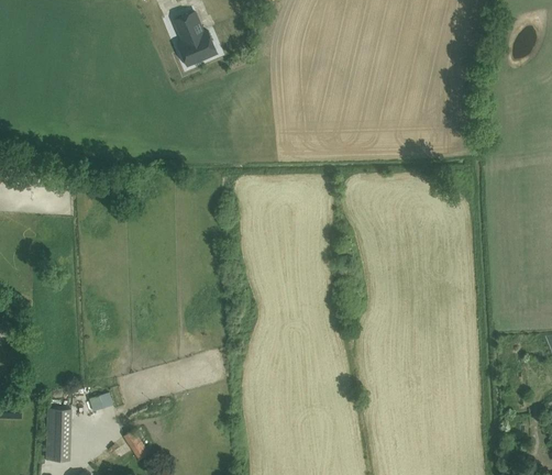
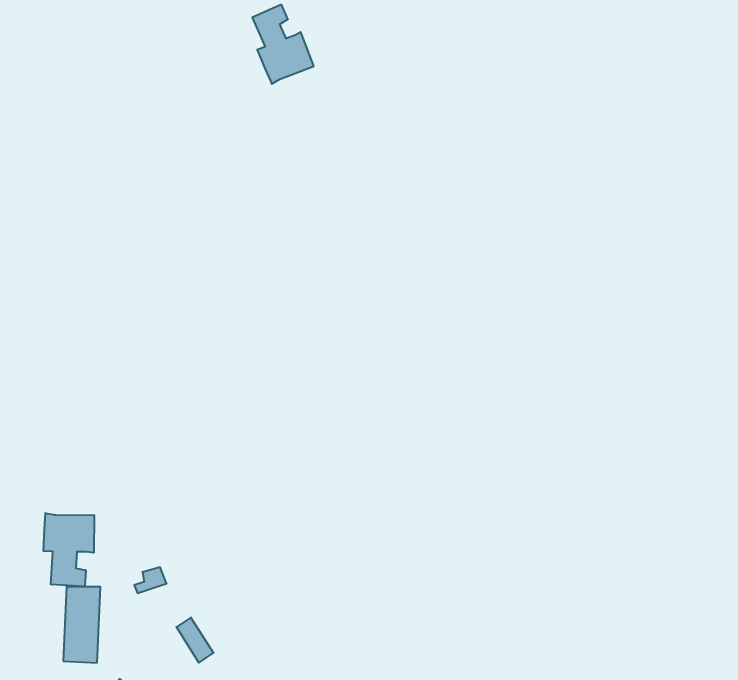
building: none -> [44,513,94,587]

